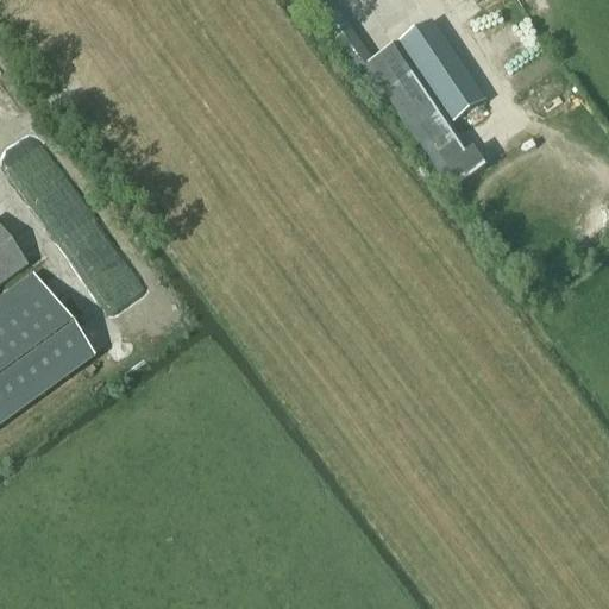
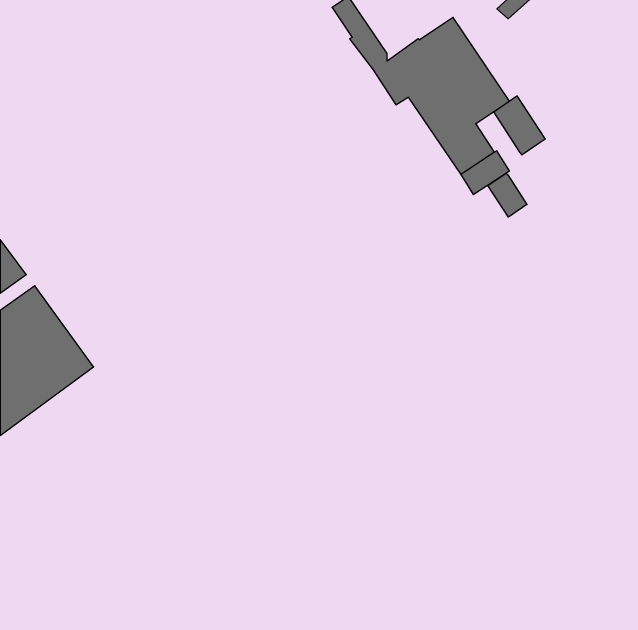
building: none -> [494,96,545,155]
building: none -> [488,173,527,217]

